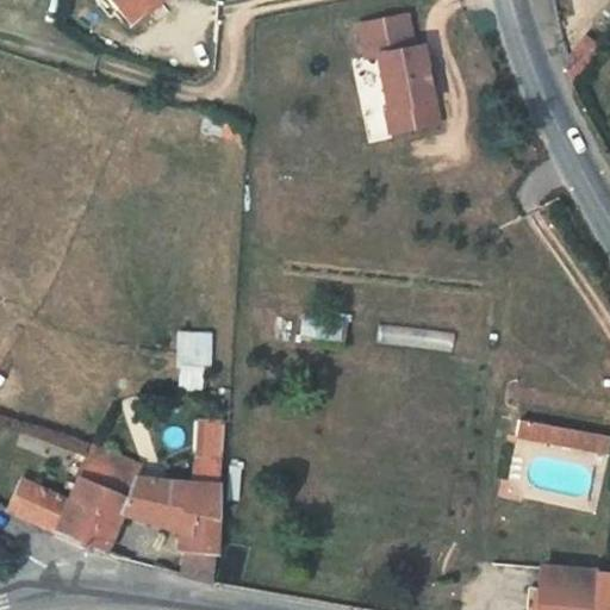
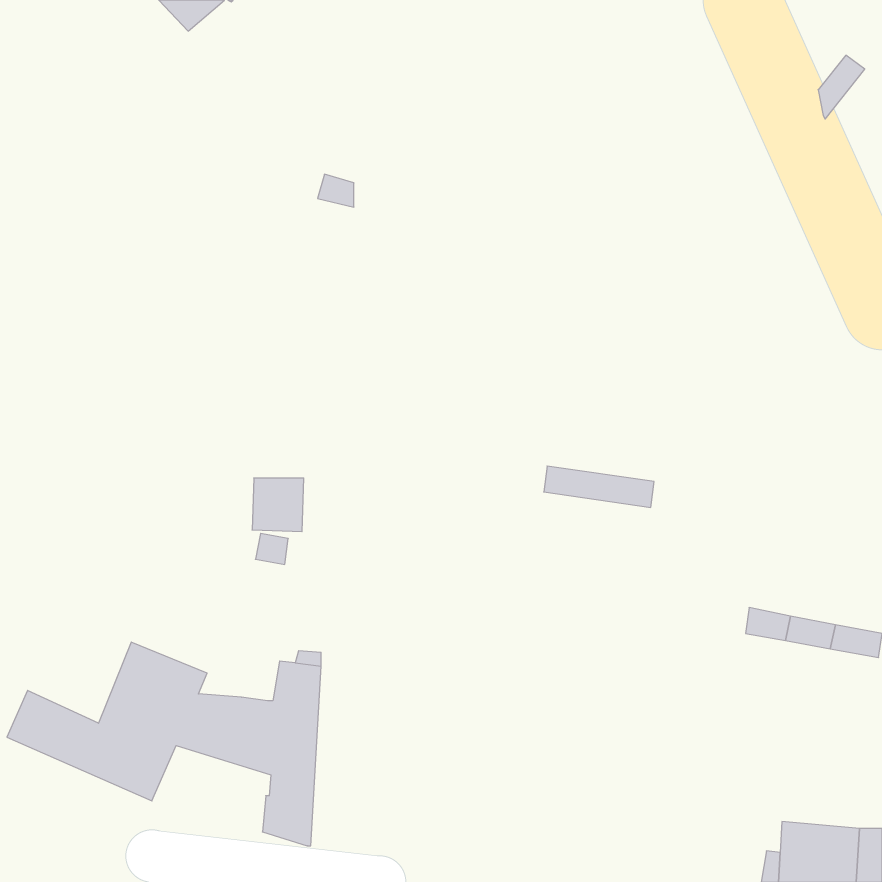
building: [362,15,441,132] -> none

